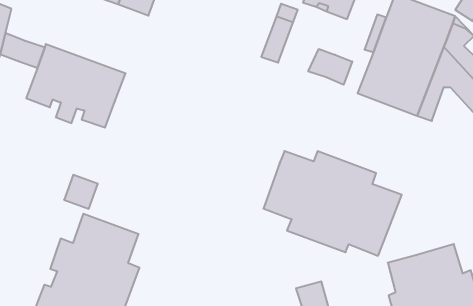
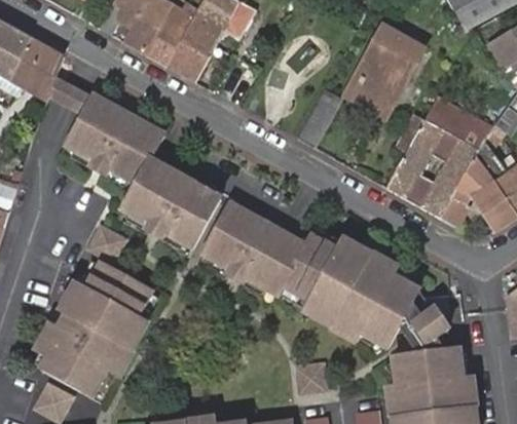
building: [308,49,352,85] -> none
building: none -> [123,159,221,246]
building: none -> [202,202,301,292]
building: none -> [397,292,457,352]

